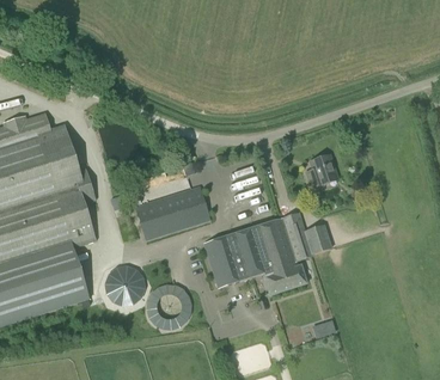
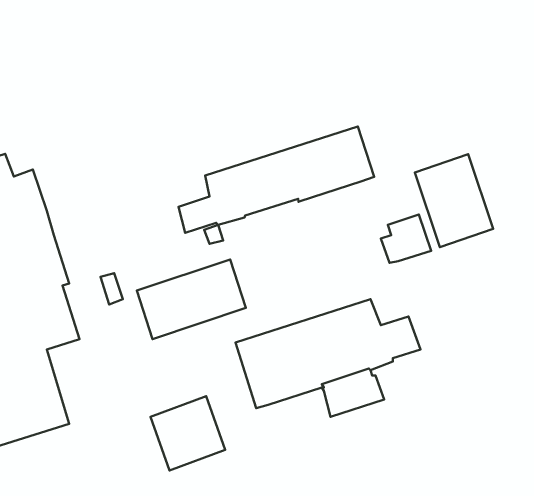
building: none -> [178,126,374,233]
building: none -> [415,154,493,247]
building: [100,258,153,312] -> none

